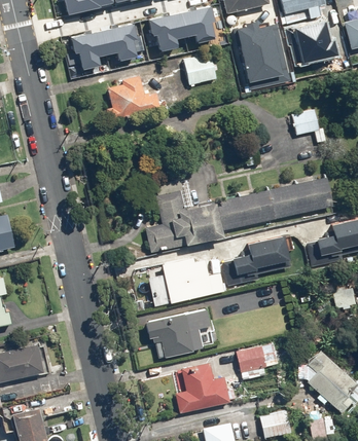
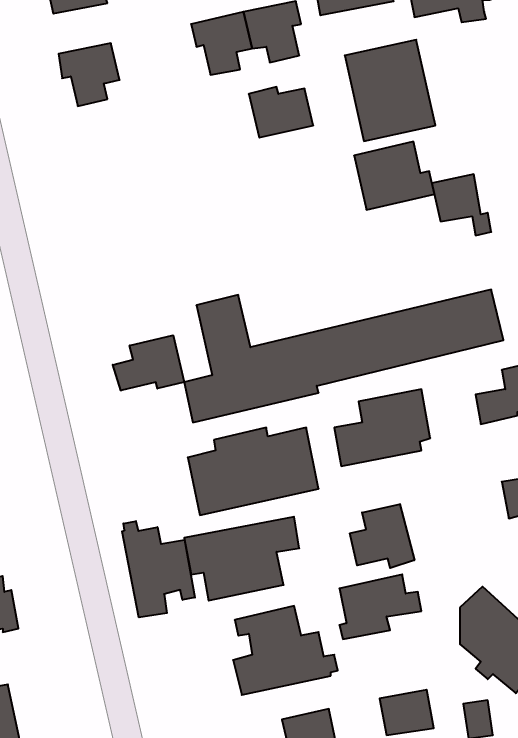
building: [102,24,136,61] -> none
building: [290,25,337,65] -> [354,142,434,210]
building: [105,76,163,122] -> none
building: none -> [113,335,184,391]
building: none -> [350,504,414,568]
building: none -> [122,521,195,617]

